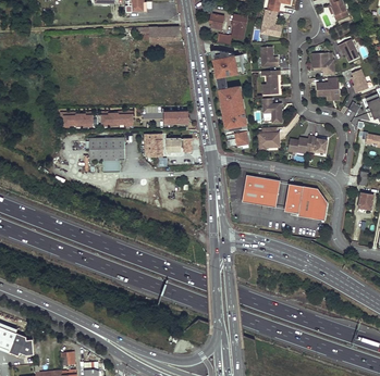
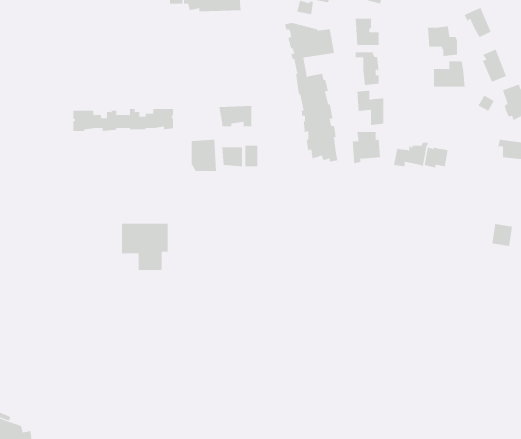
building: [90,138,124,172] -> [121,223,169,271]
building: [242,175,280,206] -> none
building: [284,184,327,220] -> none

